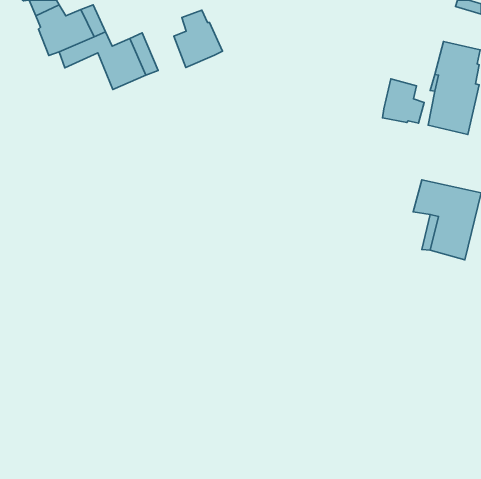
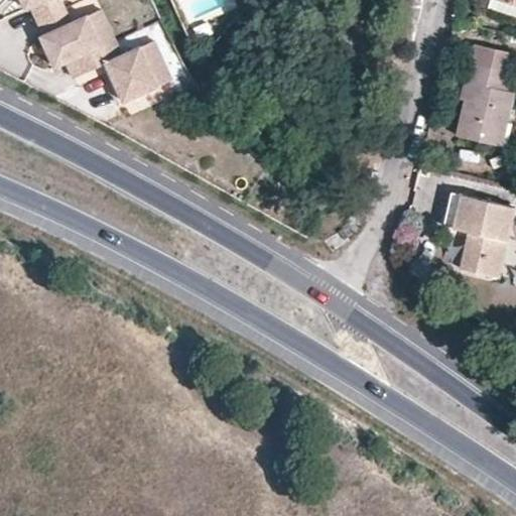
building: [174,10,223,67] -> none
building: [383,79,424,123] -> none

